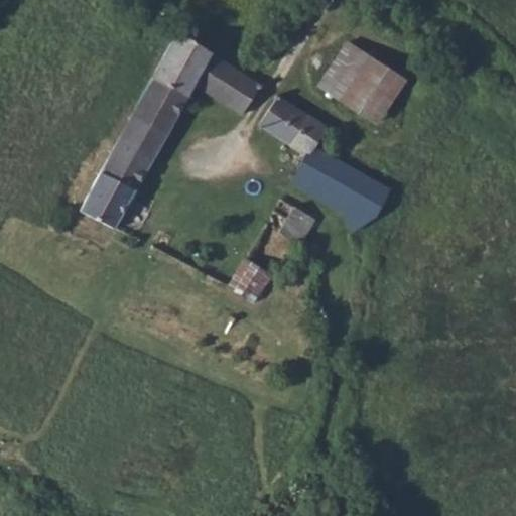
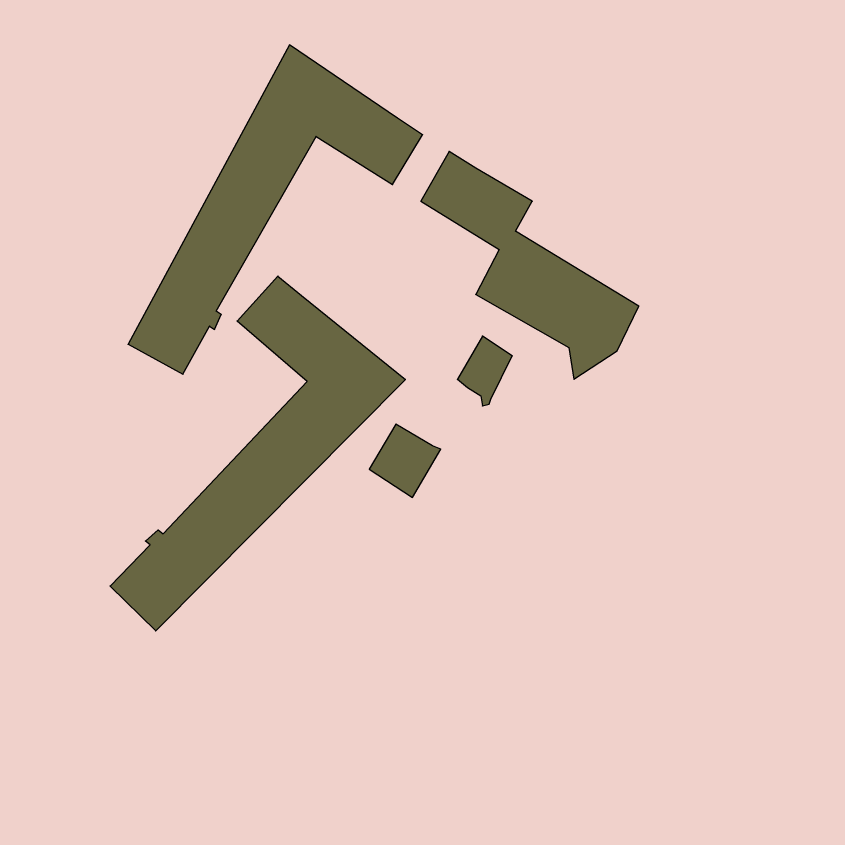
building: [320,42,403,123] -> none
building: none -> [110,276,405,631]

